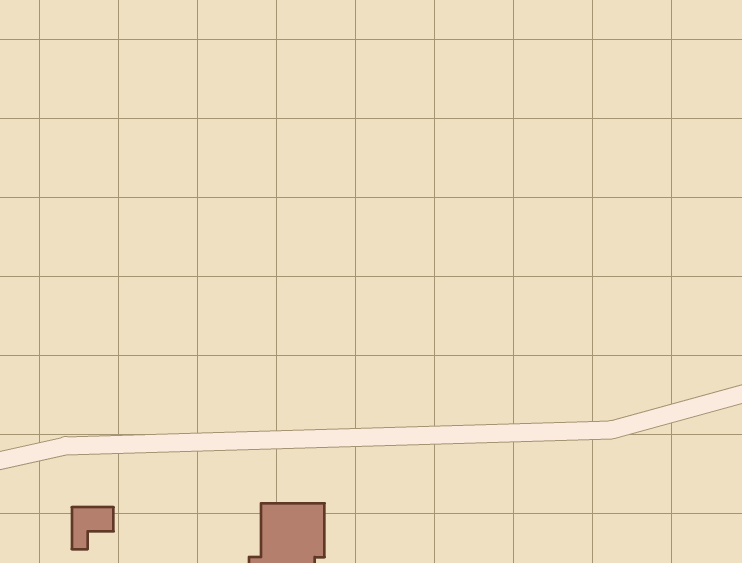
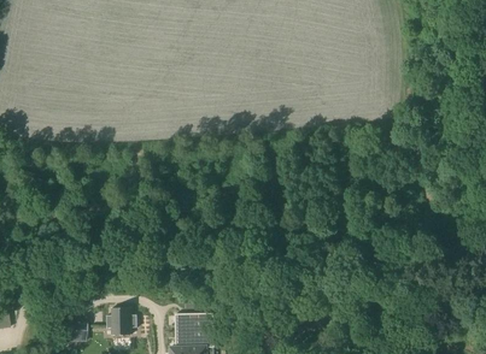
building: none -> [106,307,137,334]

